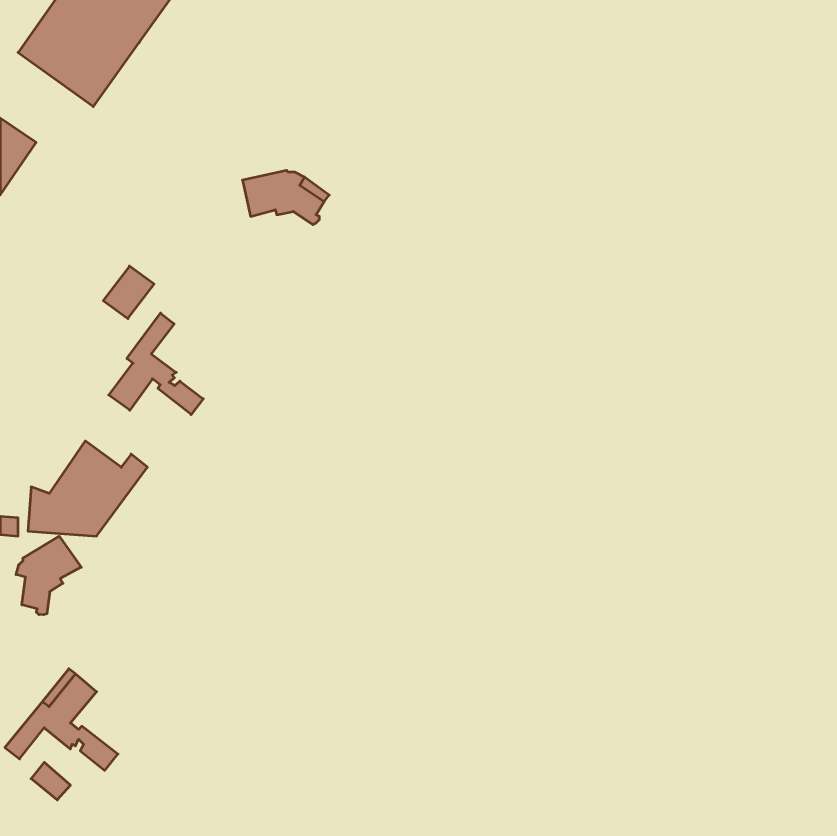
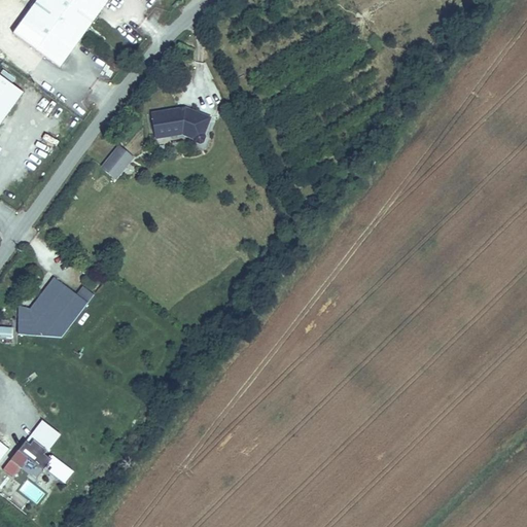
building: [103,266,154,319] -> [101,145,133,178]
building: [109,313,203,415] -> none
building: [16,536,81,615] -> none

